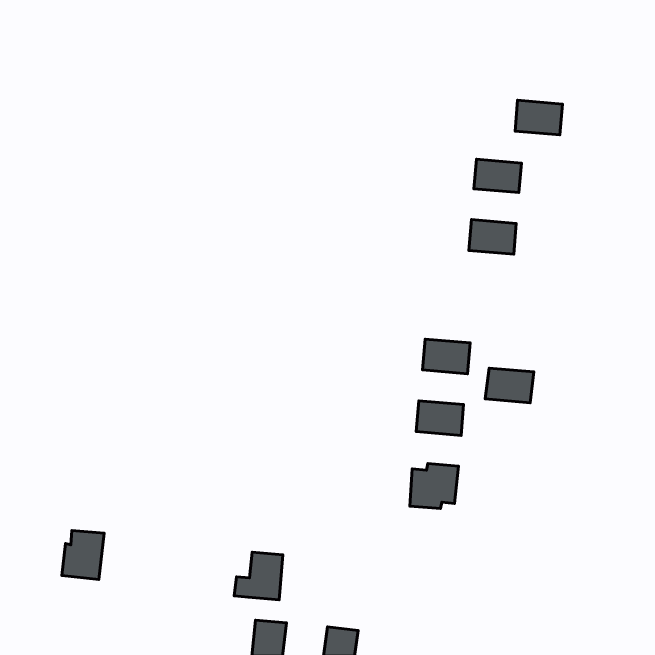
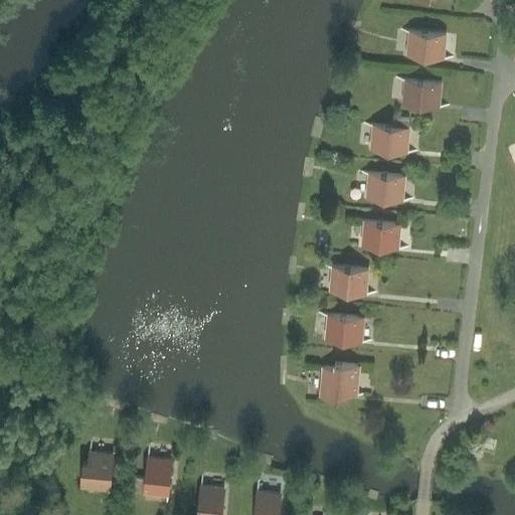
building: none -> [408,31,446,59]
building: [485,368,534,403] -> [362,221,400,248]
building: [62,531,104,579] -> [80,453,114,491]
building: [234,552,283,600] -> [133,459,171,496]

